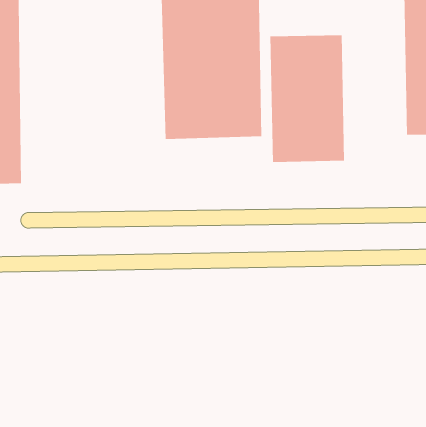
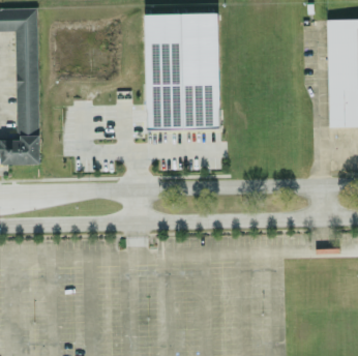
building: [270,34,345,163] -> none

